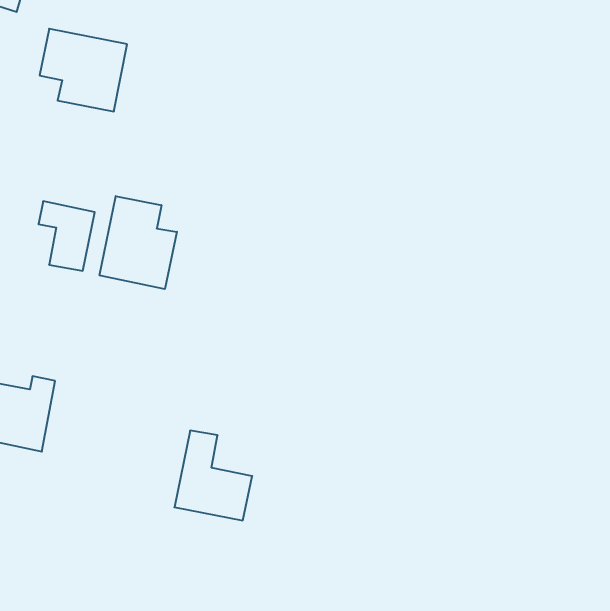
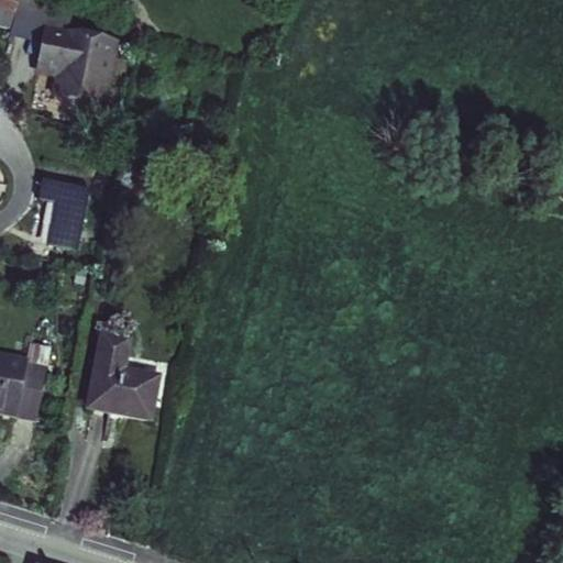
building: [100,196,177,289] -> none
building: [174,431,252,520] -> [88,333,159,416]

